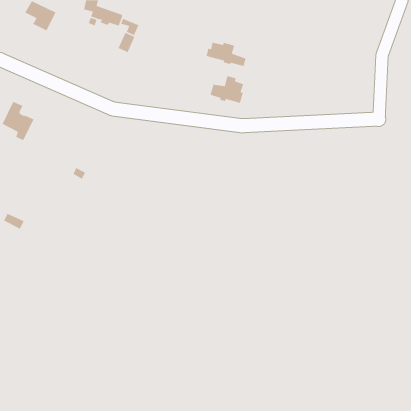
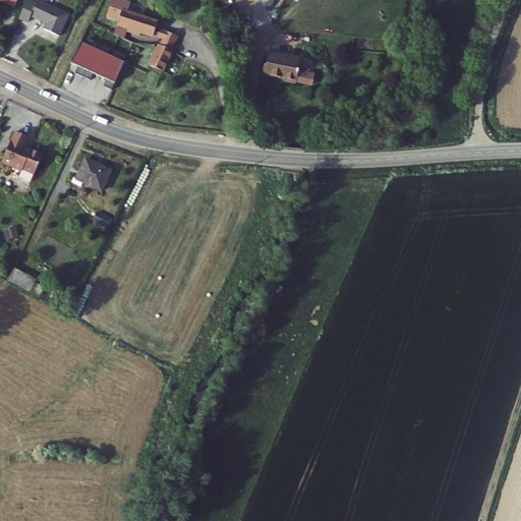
building: none -> [73,39,124,86]
building: [210,75,244,104] -> none
building: none -> [74,159,113,191]

